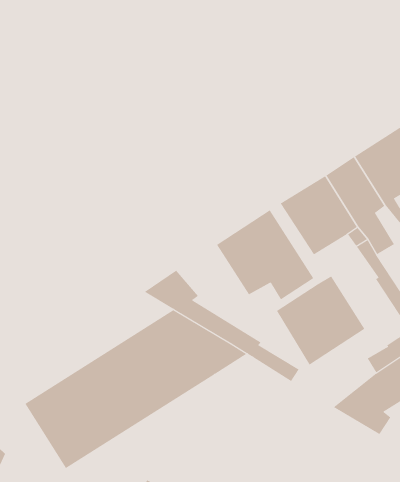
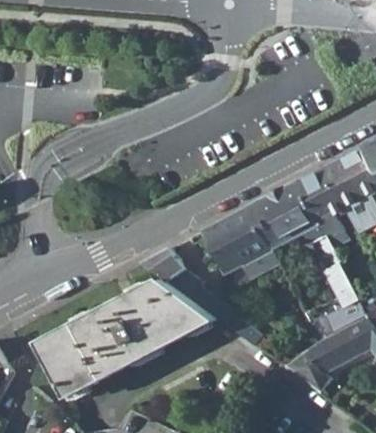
building: [276,275,365,365] -> none

